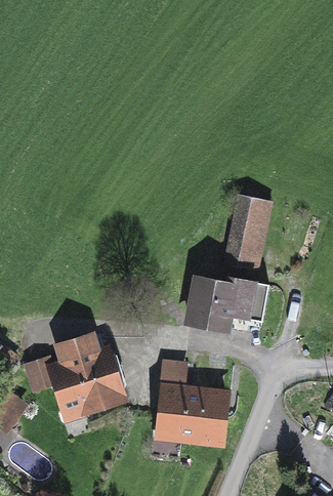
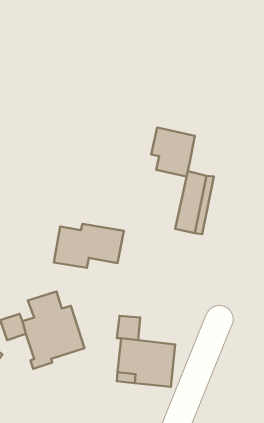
building: none -> [151,127,195,177]
building: [188,278,267,328] -> [54,224,124,268]

